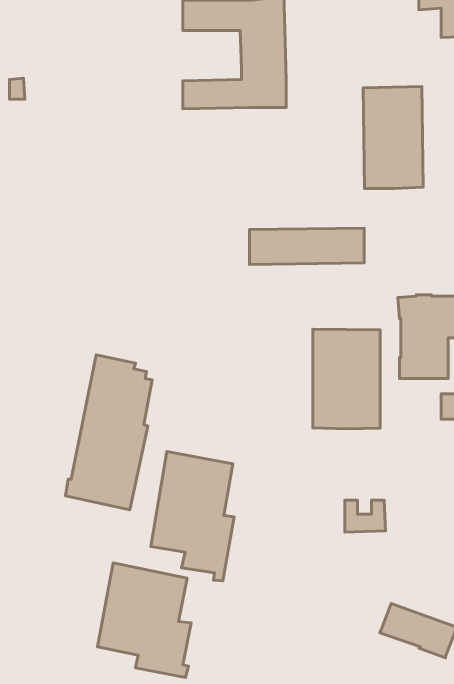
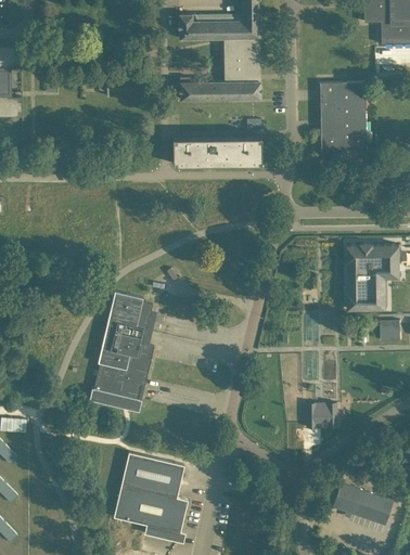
building: [250,228,364,264] -> [172,135,261,164]
building: [313,329,380,429] -> none
building: [151,452,234,581] -> none

